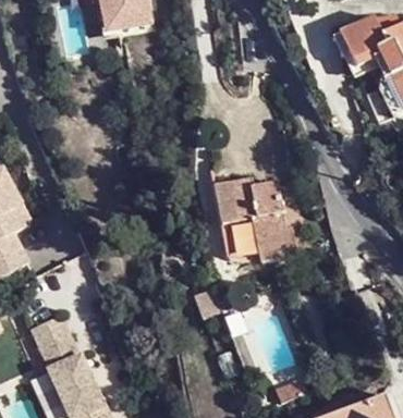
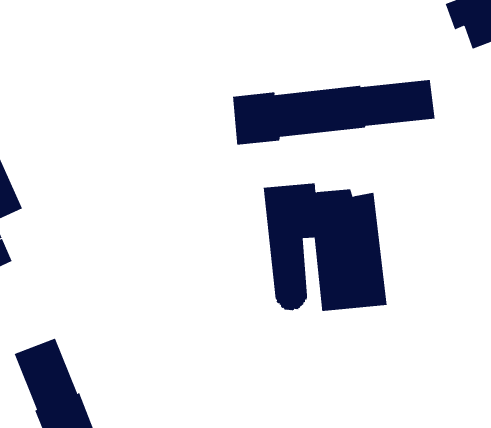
building: none -> [232,79,435,146]

